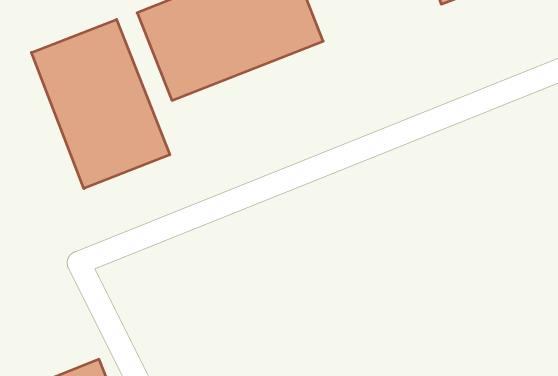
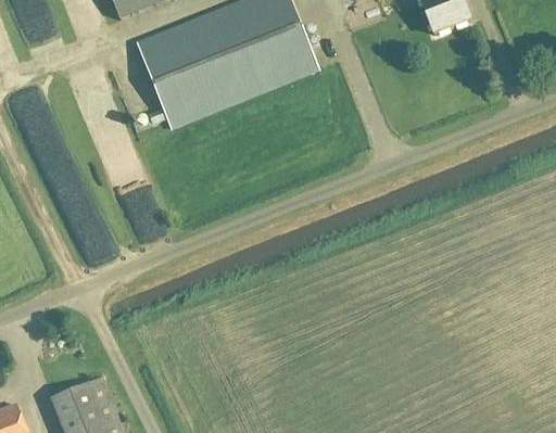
building: [31,19,170,189] -> none

